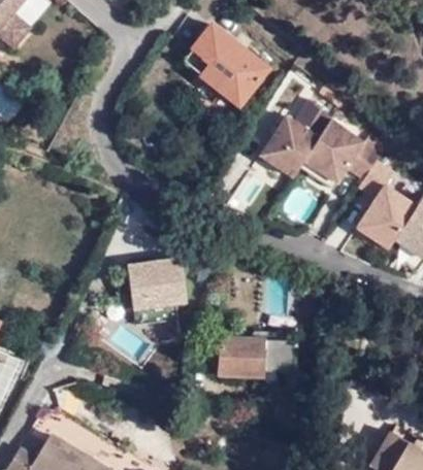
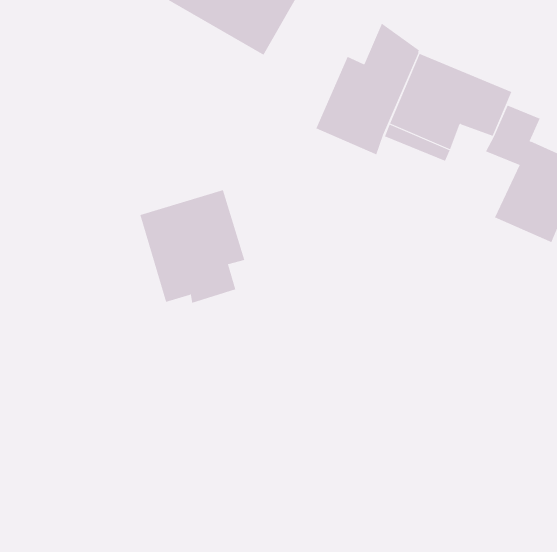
building: [126,261,185,326] -> [139,189,245,303]
building: [218,341,294,379] -> none

